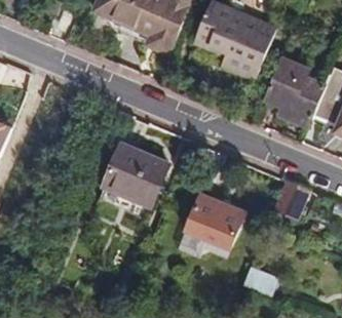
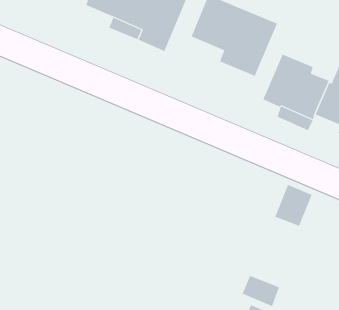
building: [102,144,169,208] -> none
building: [186,194,244,249] -> none

